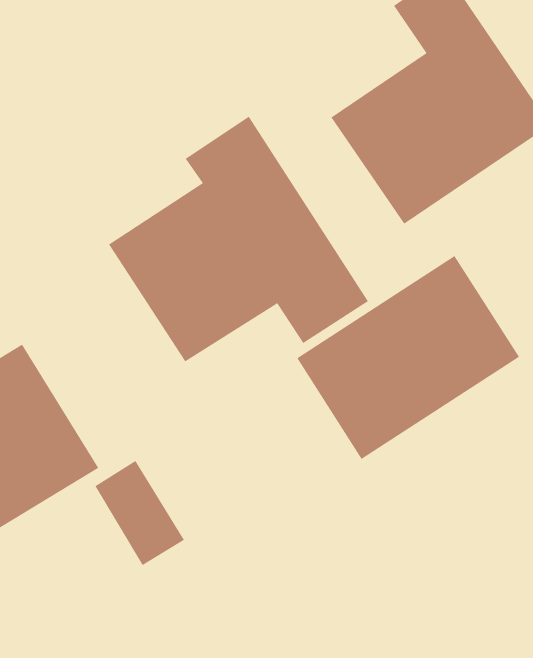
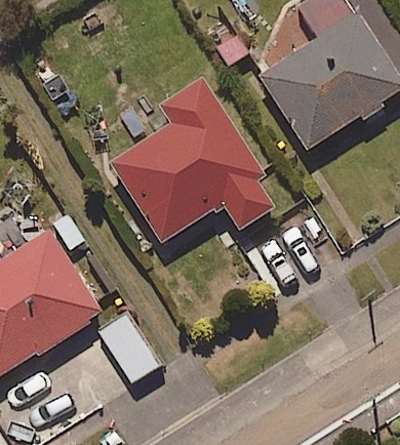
building: [296,255,520,460] -> none

